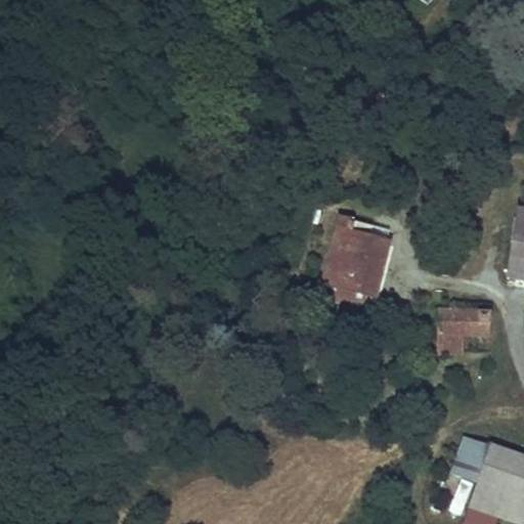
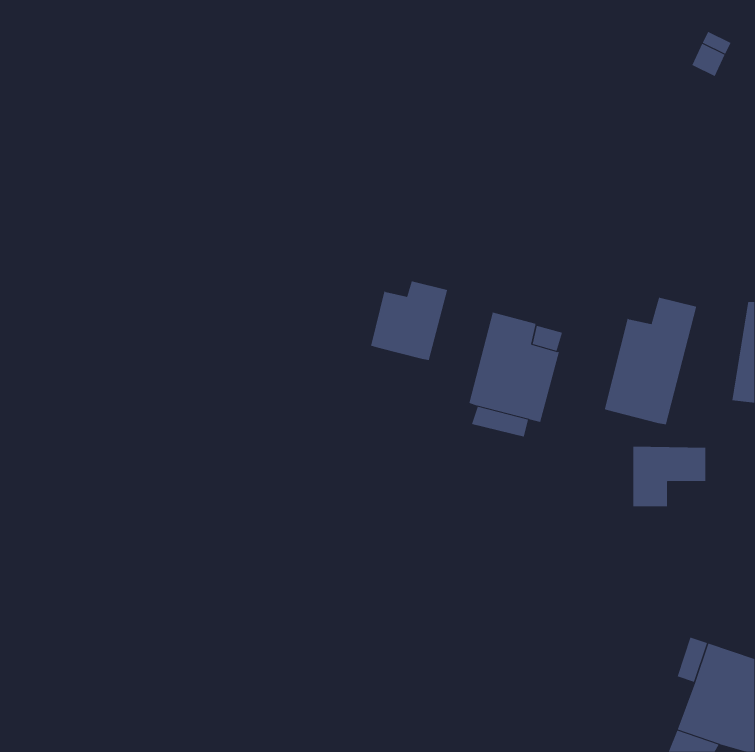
building: none -> [370,280,448,361]
building: none -> [604,297,697,425]

